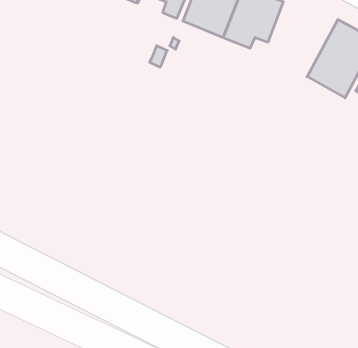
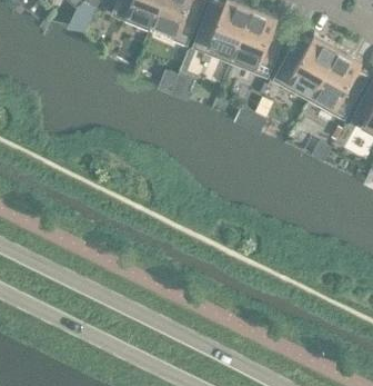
building: none -> [272,34,337,101]

